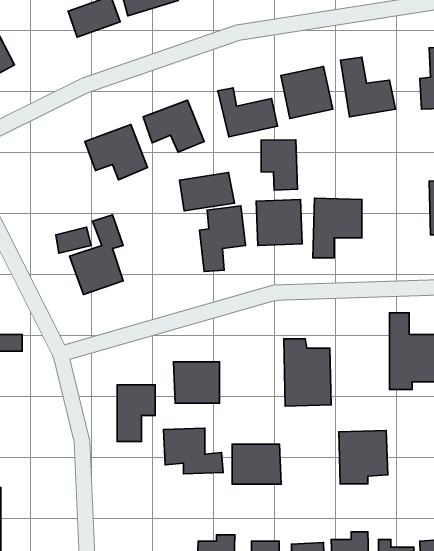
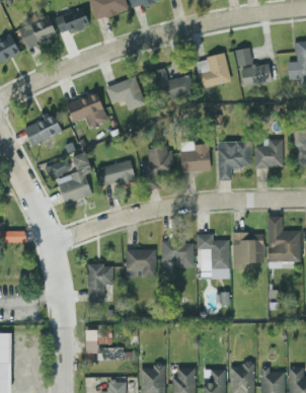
building: none -> [18,16,57,49]
building: [261,140,298,190] -> none
building: none -> [22,111,61,147]
building: [179,172,235,211] -> [98,161,135,186]
building: none -> [253,139,283,167]
building: [163,428,223,474] -> [84,329,124,360]
building: [339,430,388,484] -> [231,233,263,268]
building: [232,444,281,484] -> [161,241,194,267]

